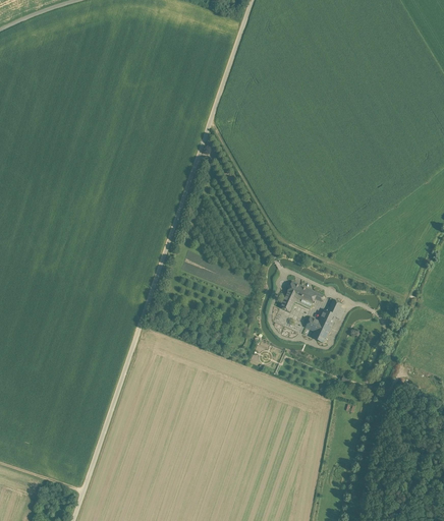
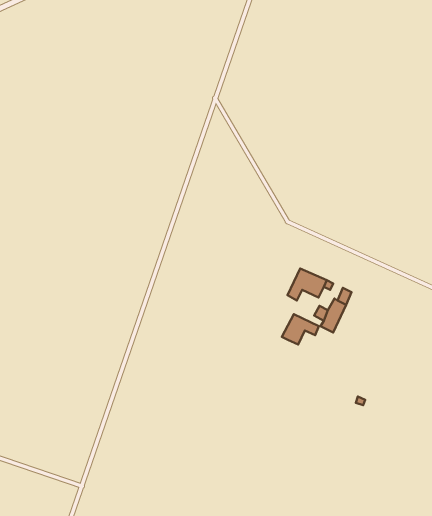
building: none -> [282,314,319,344]

